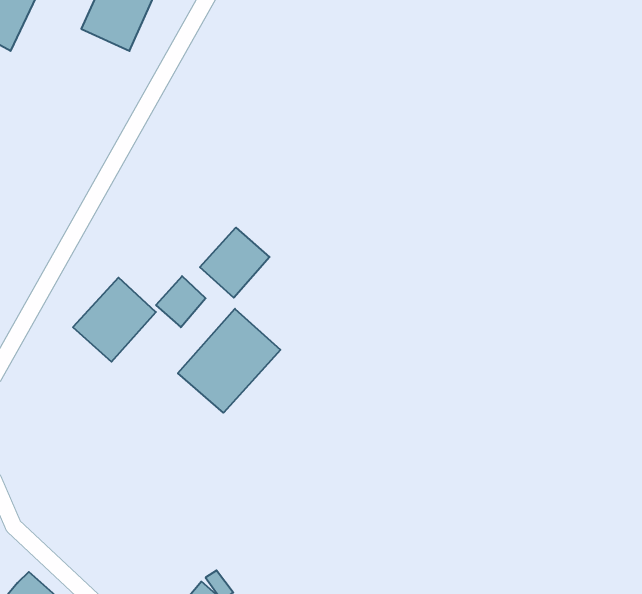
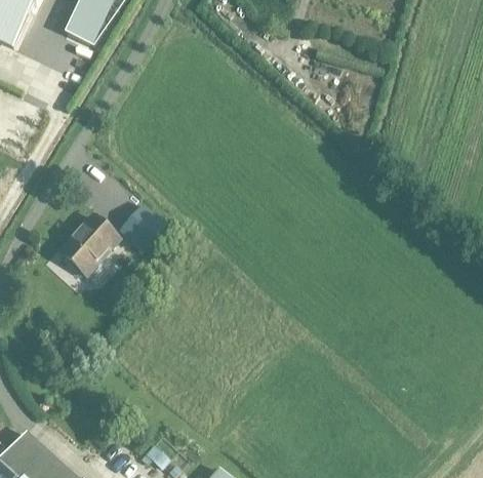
building: [200,228,270,298] -> none
building: [178,309,280,413] -> none

